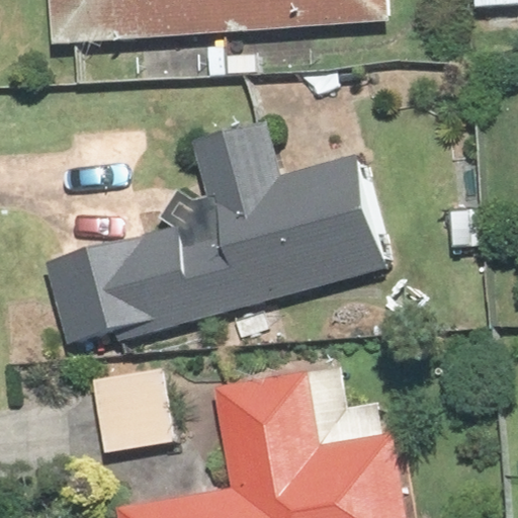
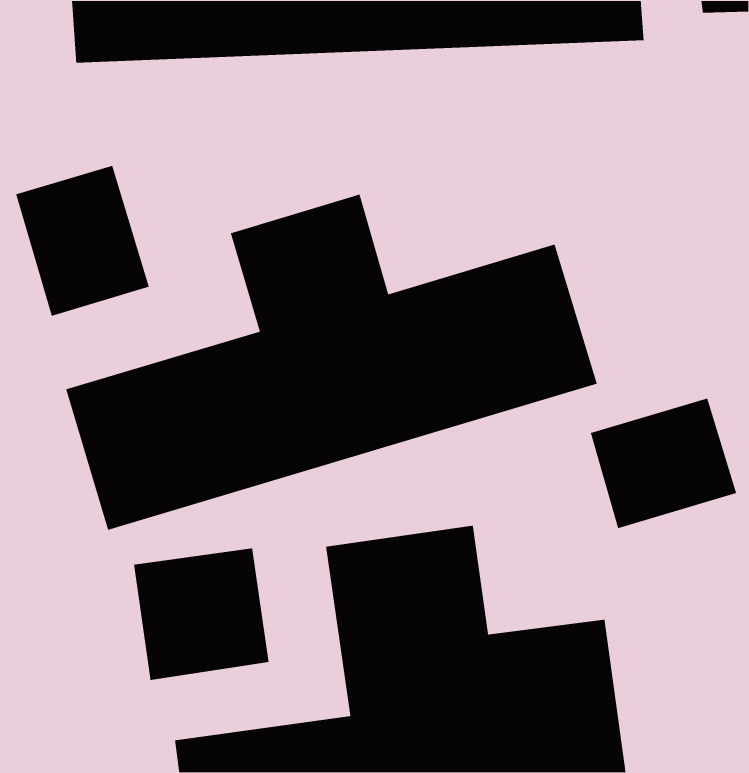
building: none -> [15,165,150,317]
building: none -> [590,398,737,529]

